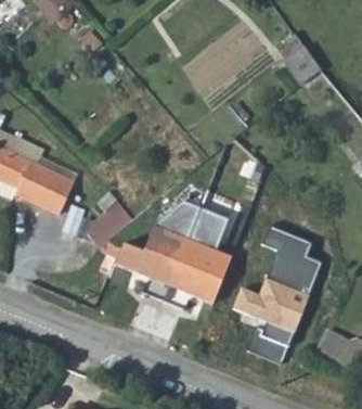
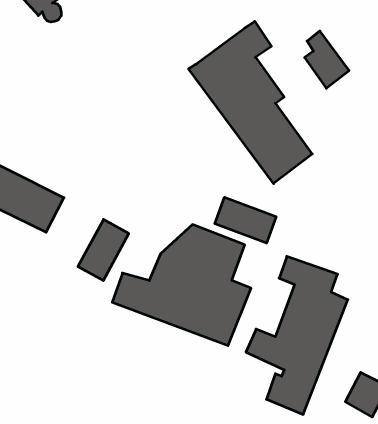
building: none -> [189,21,312,184]
building: none -> [215,197,276,243]

